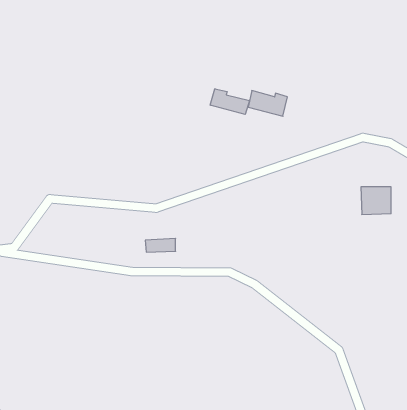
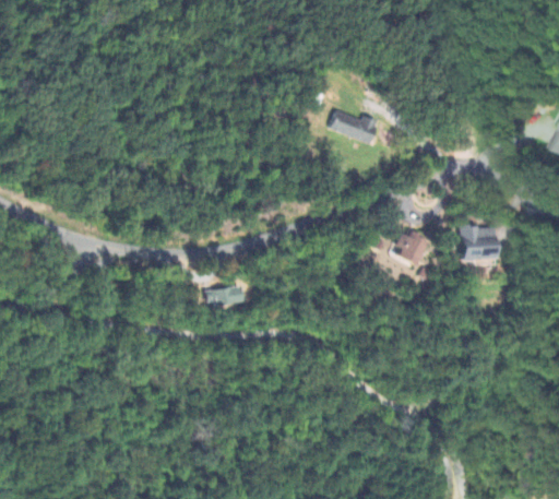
building: [210,89,249,114] -> none
building: none -> [397,229,430,265]

